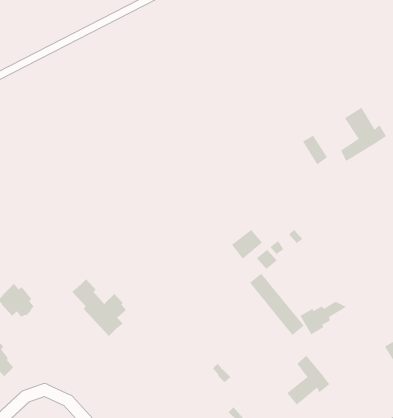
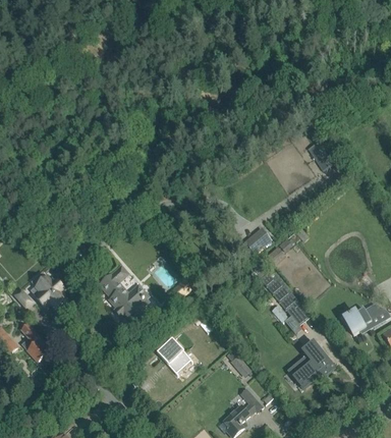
building: [340,107,387,162] -> none
building: [299,301,347,335] -> [342,304,385,334]
building: none -> [157,338,191,375]

